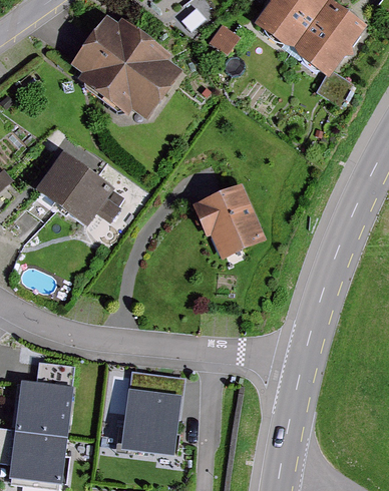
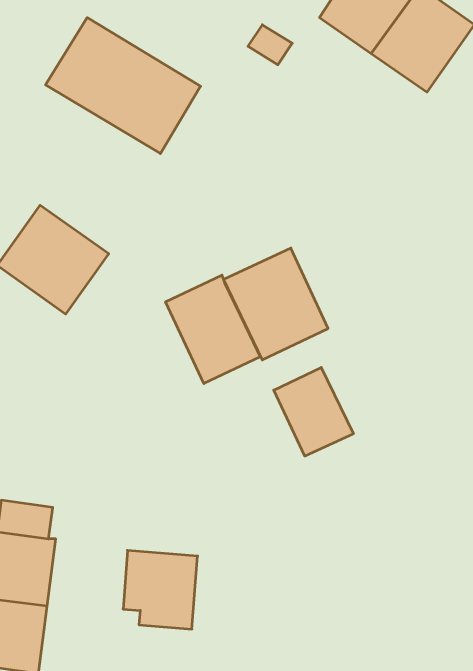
building: none -> [166,275,260,384]
building: none -> [274,367,353,456]

